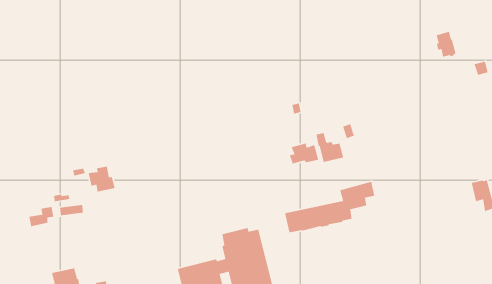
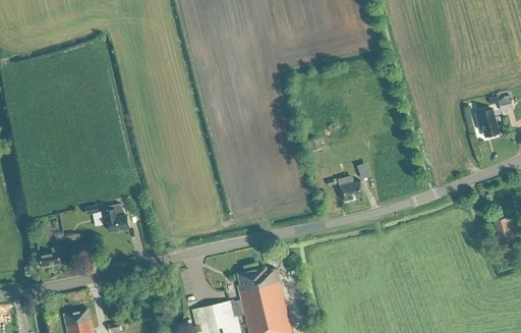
building: [436,31,457,58] -> [476,110,498,137]
building: [289,143,319,165] -> none
building: [284,181,375,233] -> none

